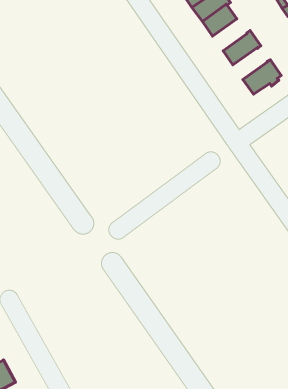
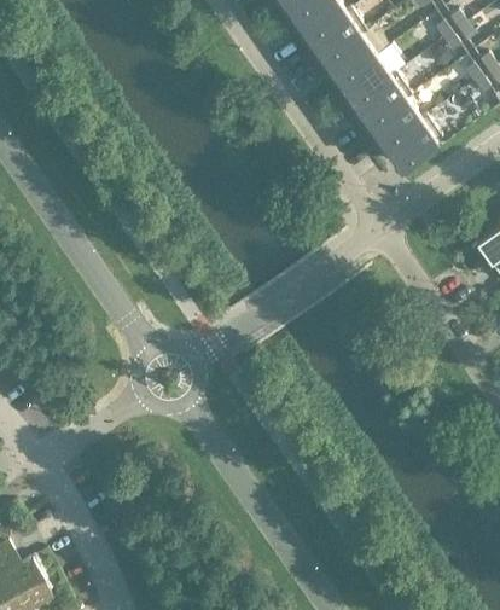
building: none -> [339,57,390,104]
building: none -> [370,99,420,146]

